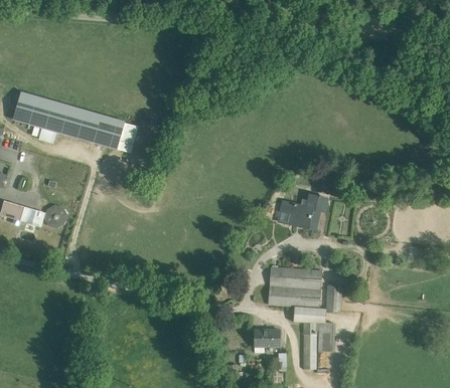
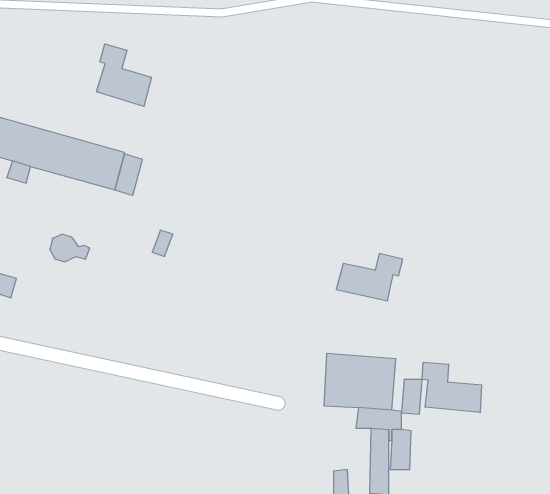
building: none -> [97,44,151,106]
building: [45,206,74,226] -> [50,234,90,262]
building: none -> [422,362,482,413]
building: [254,329,279,346] -> none

